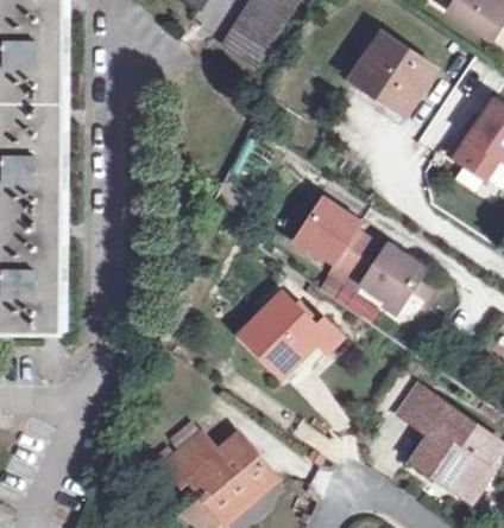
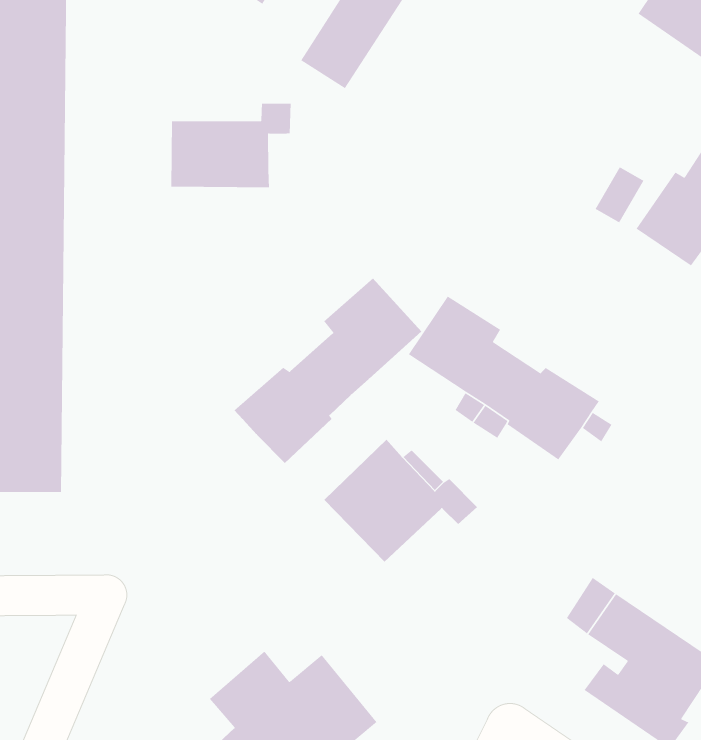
building: [351,34,431,115] -> none
building: none -> [171,103,291,188]
building: none -> [234,278,422,464]

